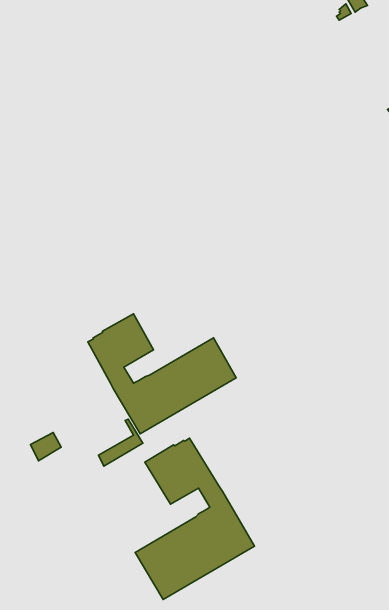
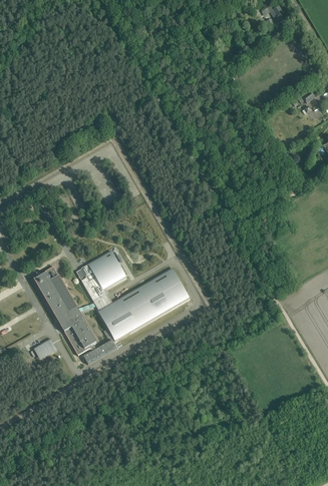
building: none -> [33,267,96,355]
building: [135,438,254,599] -> none

